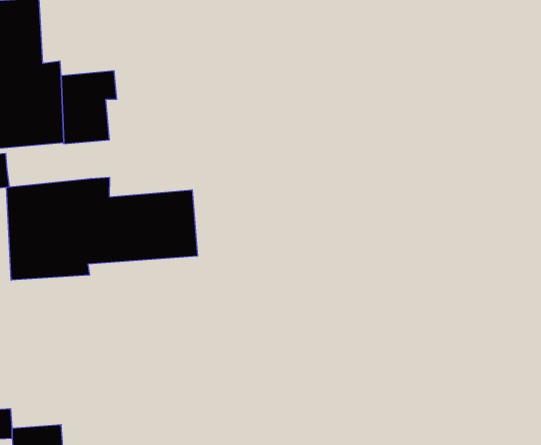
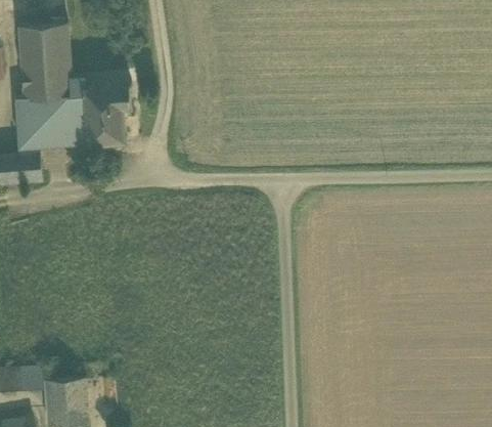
building: [6,177,197,280] -> none

